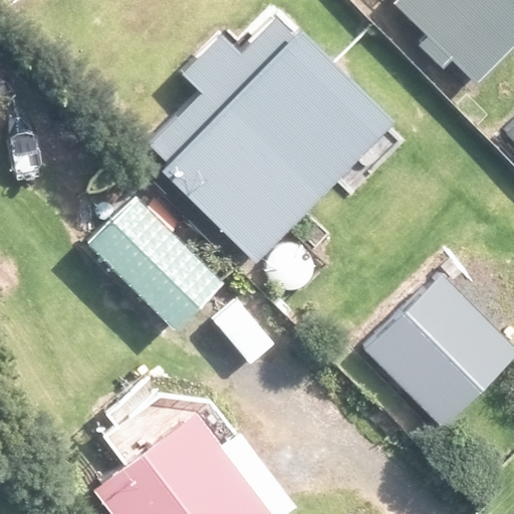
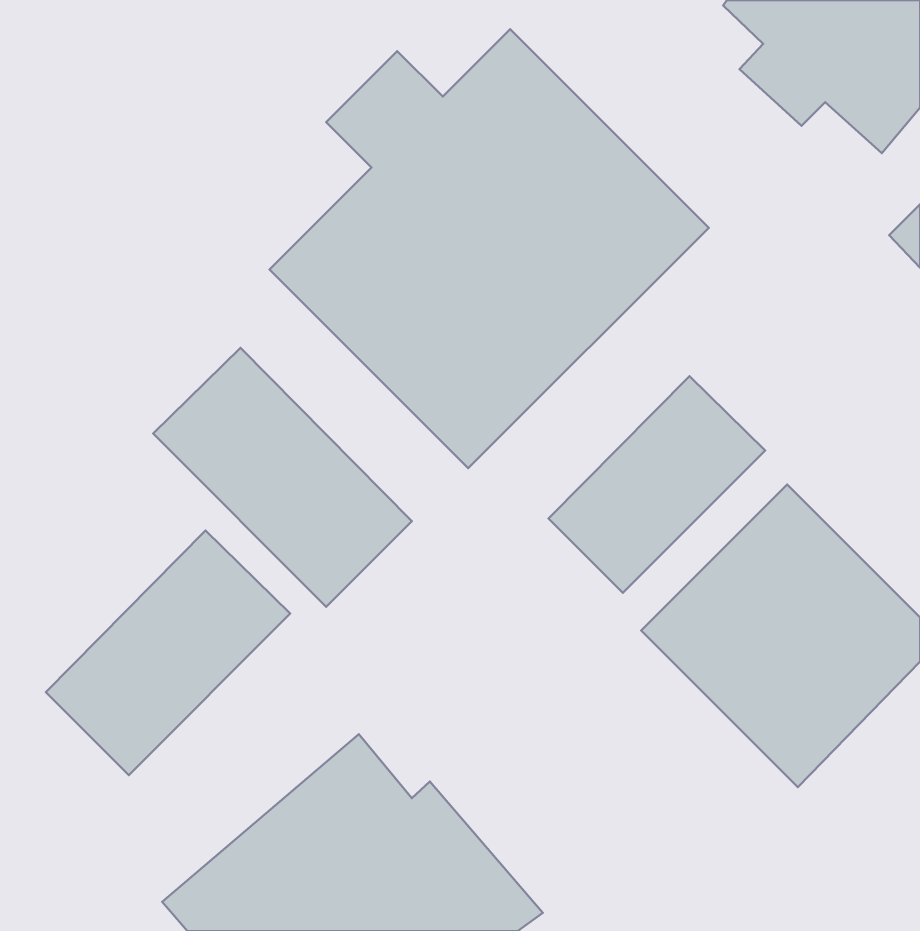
building: none -> [549,376,765,593]
building: none -> [46,531,290,775]

